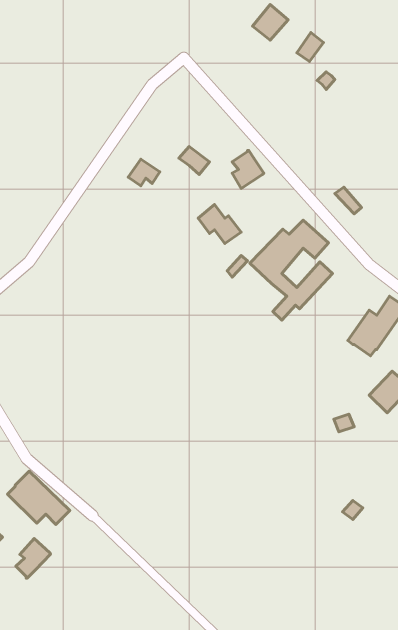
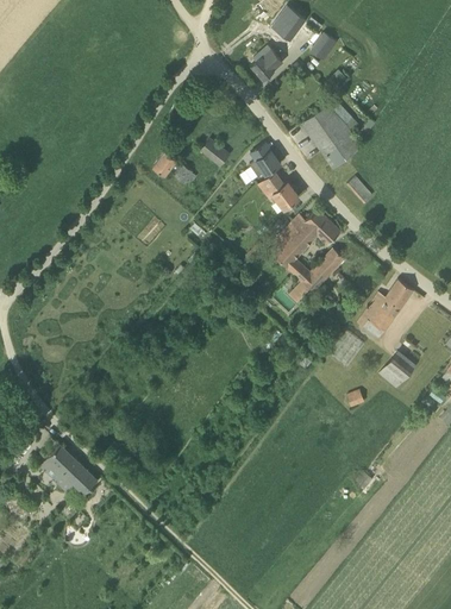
building: none -> [251,45,283,80]
building: none -> [301,105,362,169]
building: [198,204,241,244] -> [259,171,300,208]
building: [16,538,51,578] -> none

